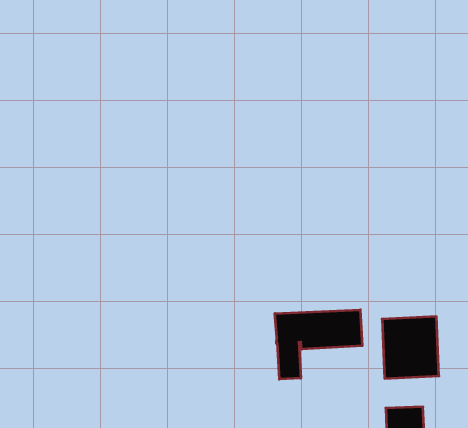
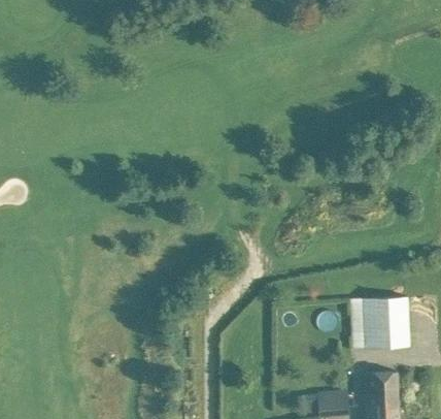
building: [275,310,362,379] -> none

